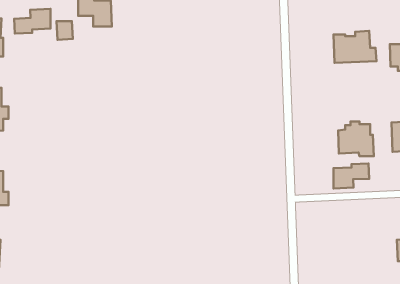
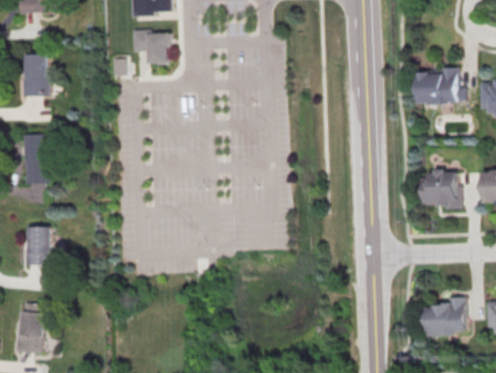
building: [14,9,50,34] -> none
building: [333,163,369,188] -> none
building: none -> [429,298,468,337]

